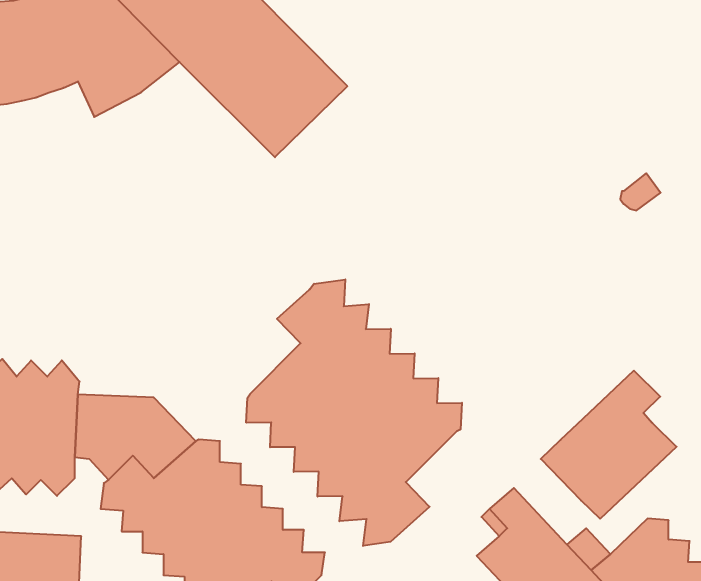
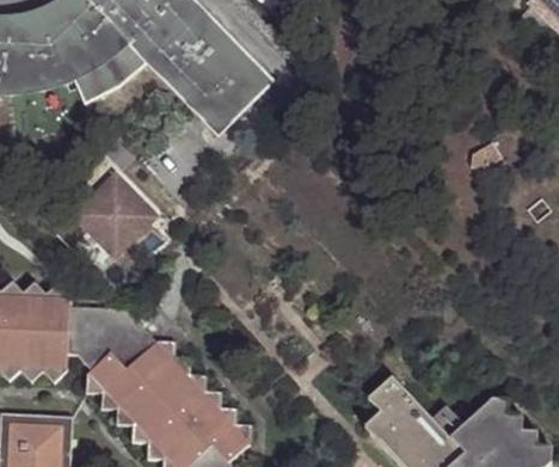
building: none -> [68,177,153,263]
building: [246,279,462,546] -> none
building: [541,371,677,519] -> none

